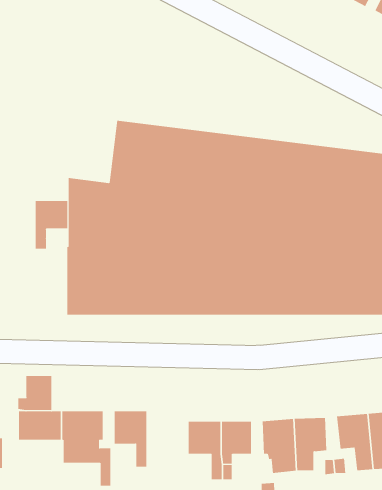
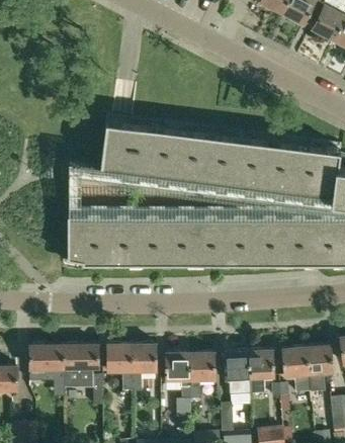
building: [35,200,68,249] -> none
building: [18,375,52,411] -> none
building: none -> [132,345,157,389]

